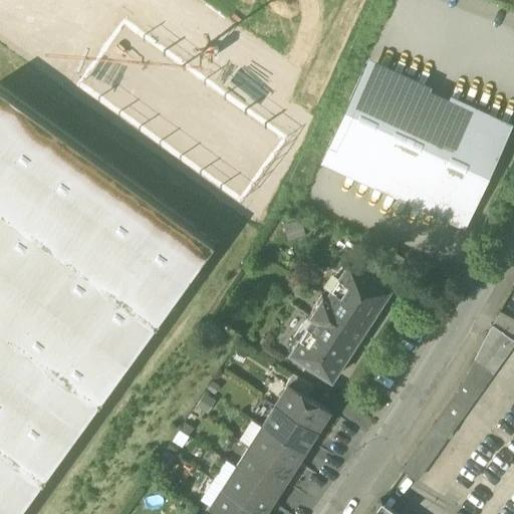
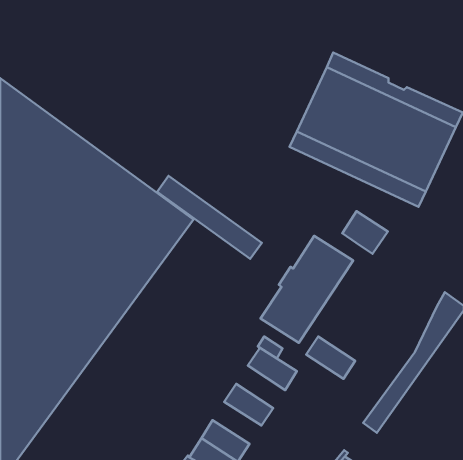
building: [75,23,288,208] -> none
building: none -> [157,176,262,259]
building: none -> [342,211,388,254]
building: [262,409,316,456] -> [306,336,355,379]
building: [236,449,290,495] -> none

